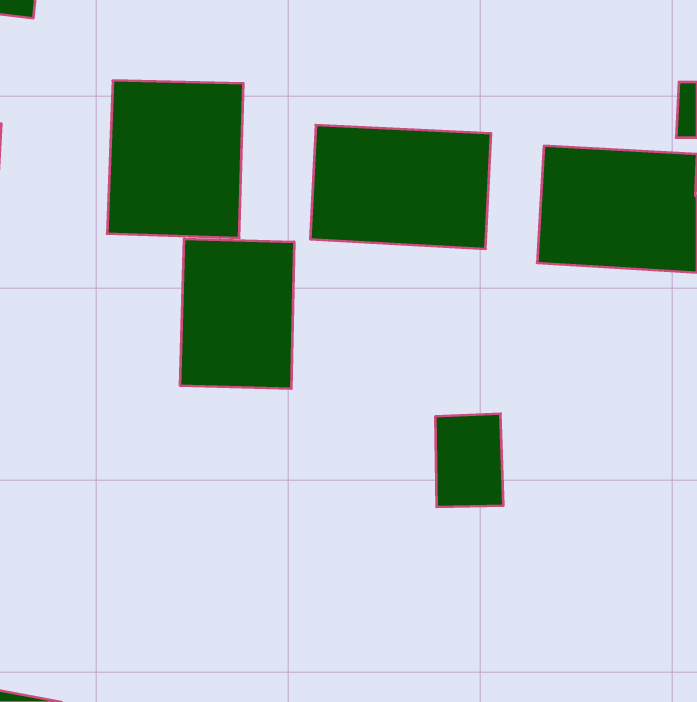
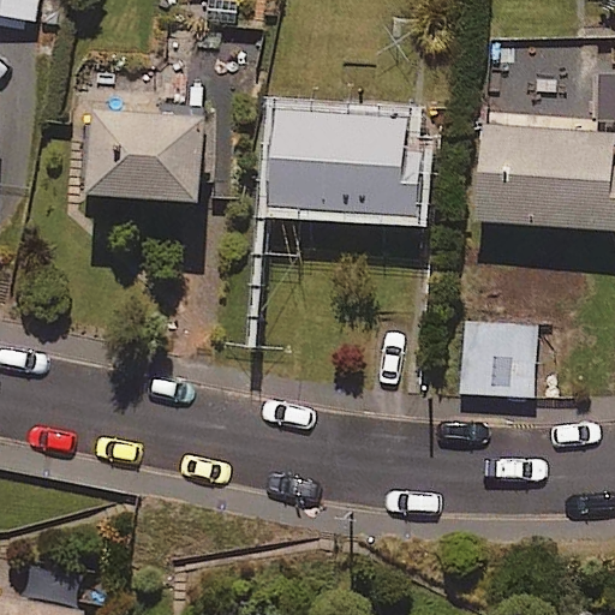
building: [180,239,294,389] -> none
building: [435,414,503,507] -> [474,320,533,400]

